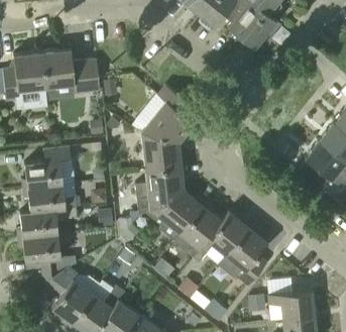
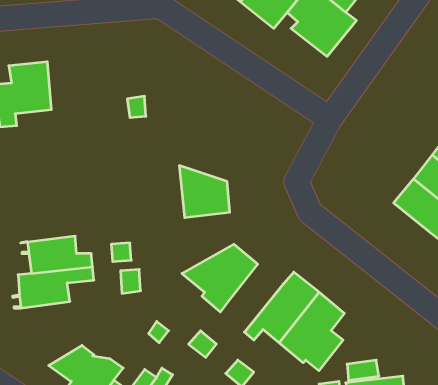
building: [42,44,100,94] -> none
building: [142,85,194,142] -> none
building: [21,146,71,189] -> none
building: [135,165,184,216] -> none
building: [180,205,221,256] -> none
building: [18,233,76,282] -> none

